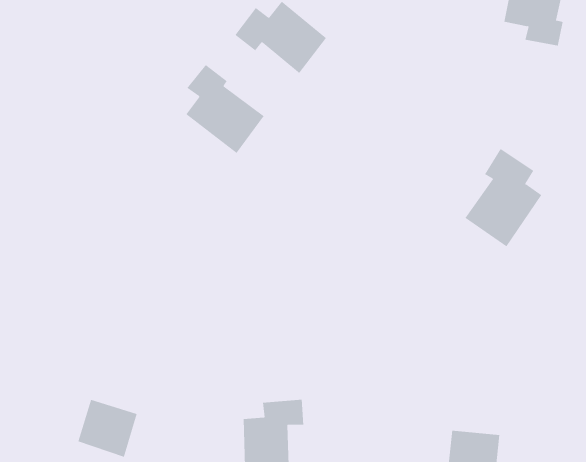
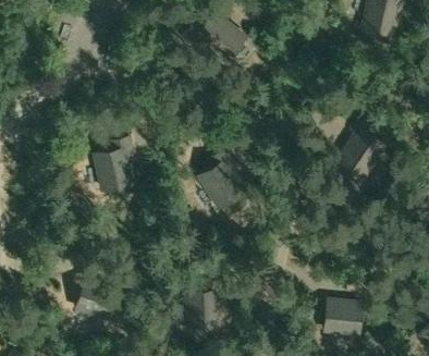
building: [185,64,264,154] -> none
building: none -> [94,140,132,193]
building: none -> [198,151,243,209]

